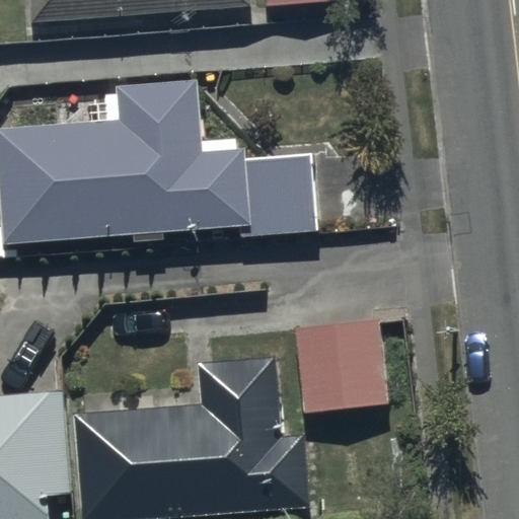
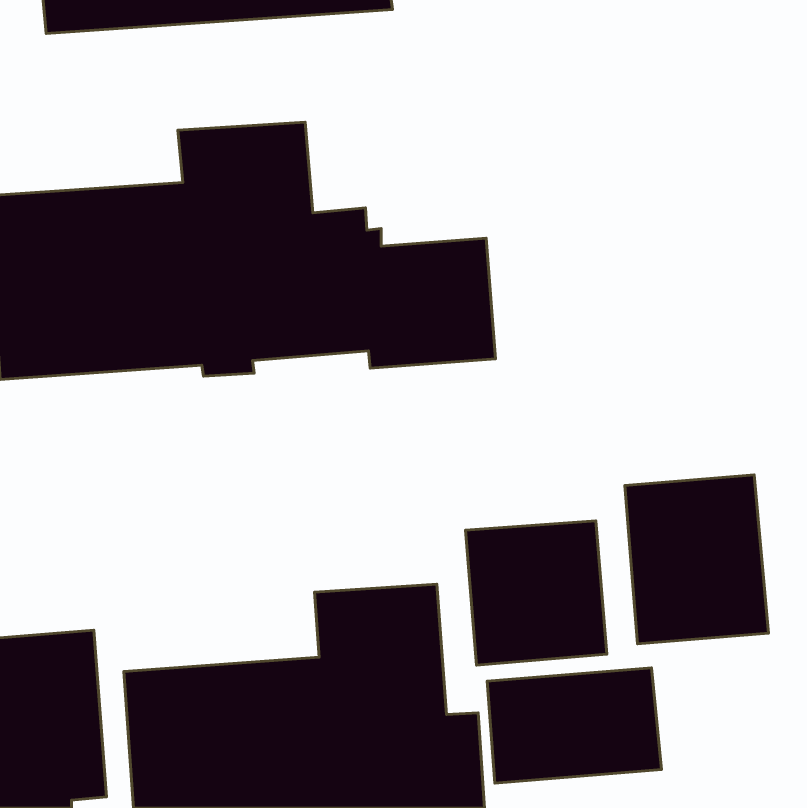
building: none -> [625,475,768,644]
building: none -> [487,668,661,783]

